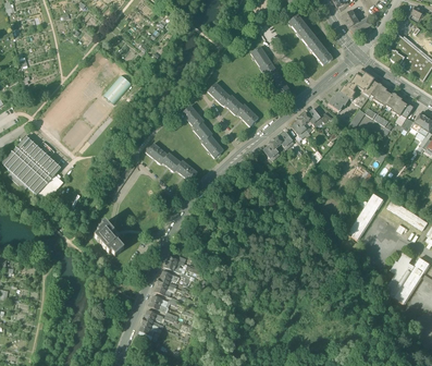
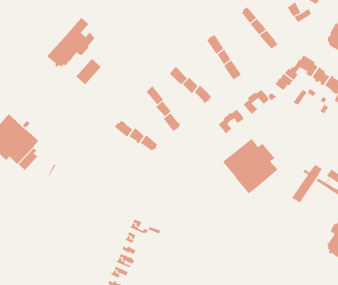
building: none -> [46,17,96,69]
building: none -> [222,138,278,194]
building: [94,220,123,256] -> none

